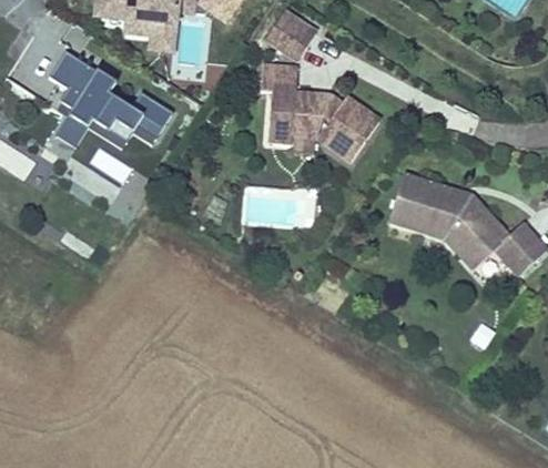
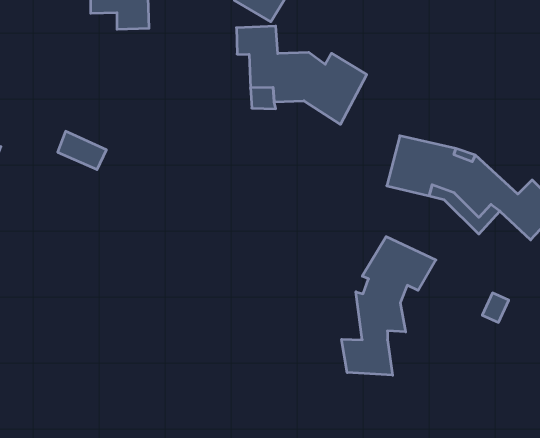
building: [48,51,175,145] -> none
building: none -> [342,237,436,375]

